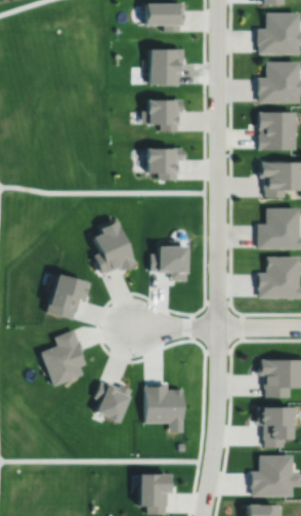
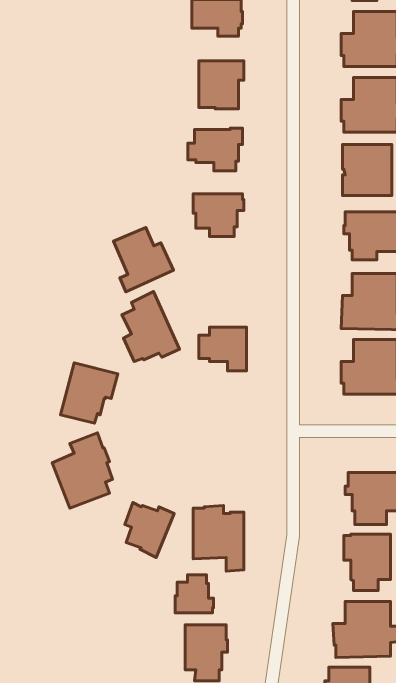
building: none -> [113,227,174,292]
building: none -> [175,575,214,613]

